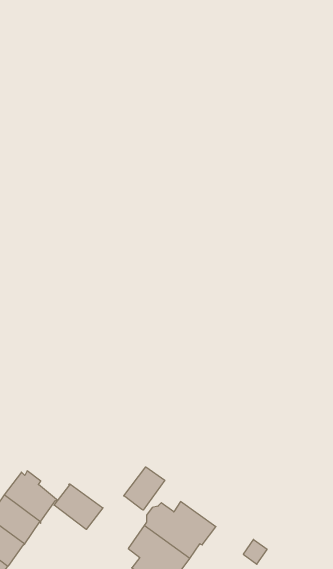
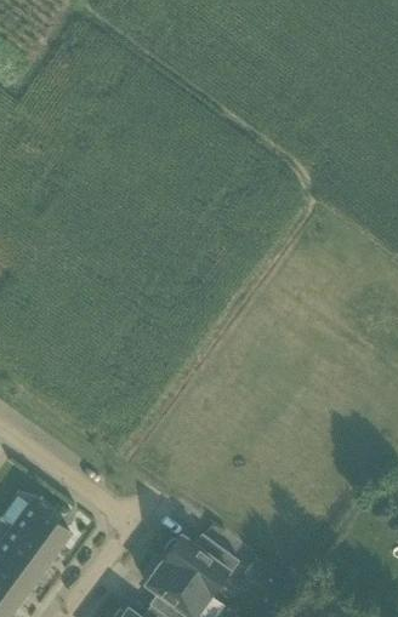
building: [124,467,165,510] -> none
building: [54,484,103,529] -> none

